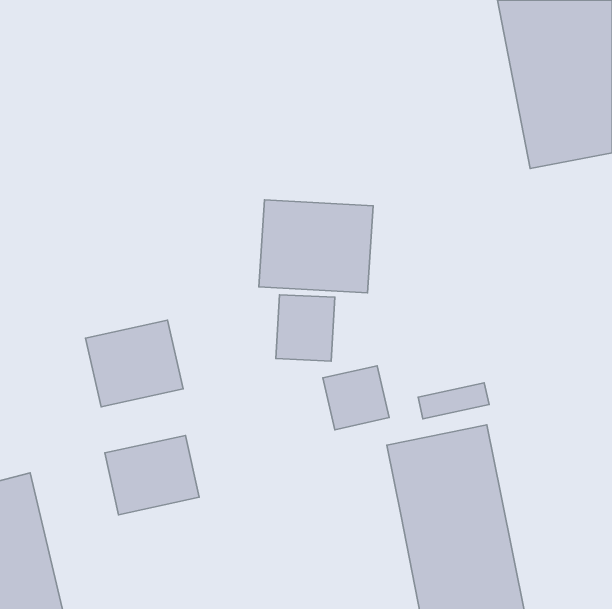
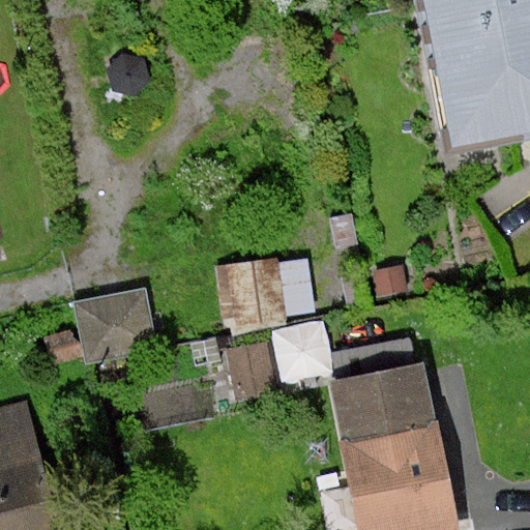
building: [259,200,373,293] -> none
building: [105,436,199,515] -> none

